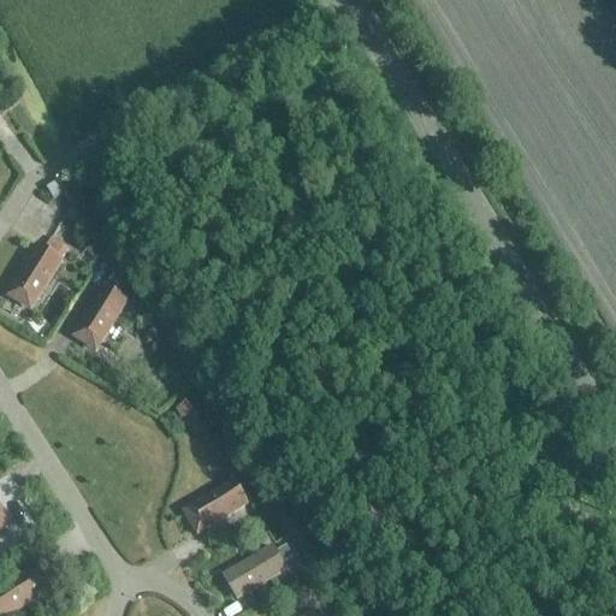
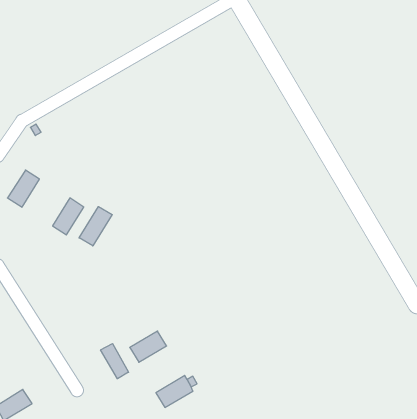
building: none -> [79,207,112,246]
building: none -> [101,344,129,379]

